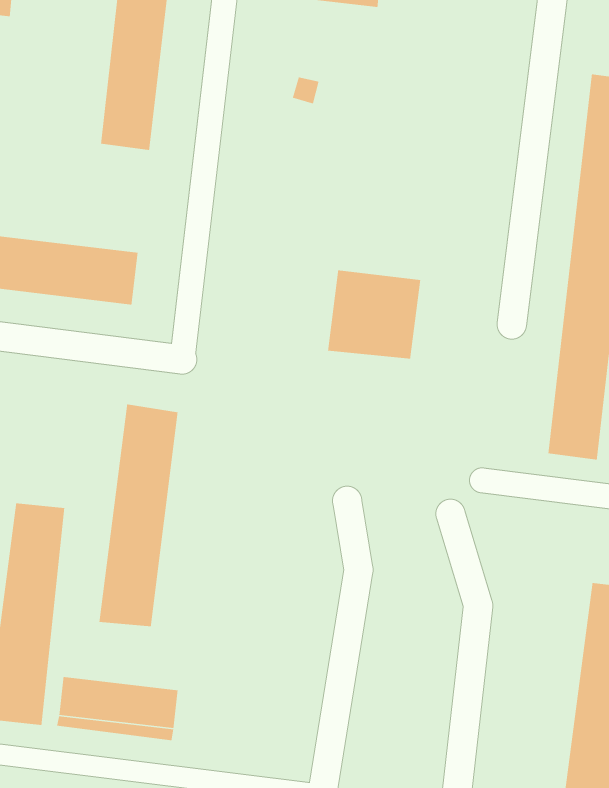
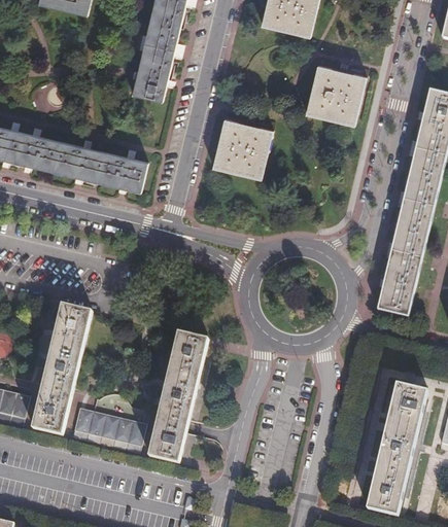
building: none -> [304,65,365,125]
building: [327,269,421,359] -> [212,119,272,177]
building: [98,403,179,627] -> [146,328,207,461]

